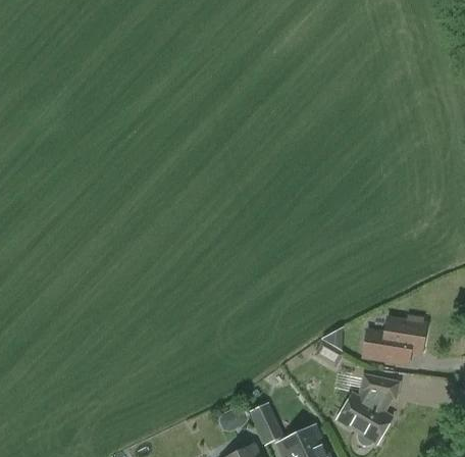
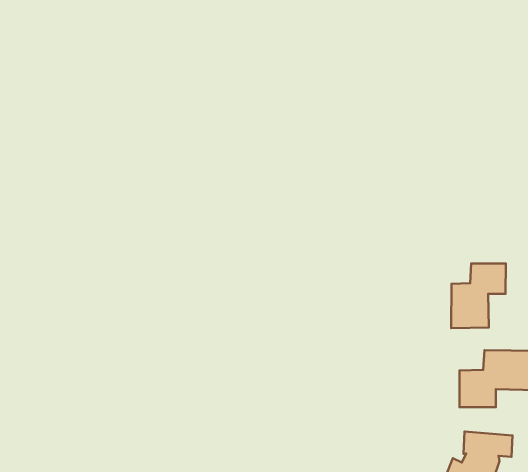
building: none -> [451,263,506,328]

